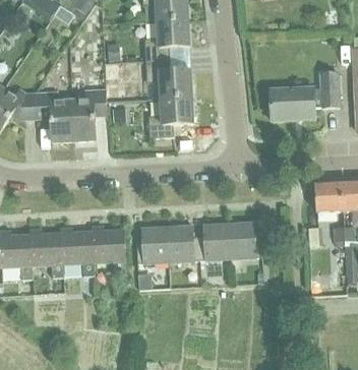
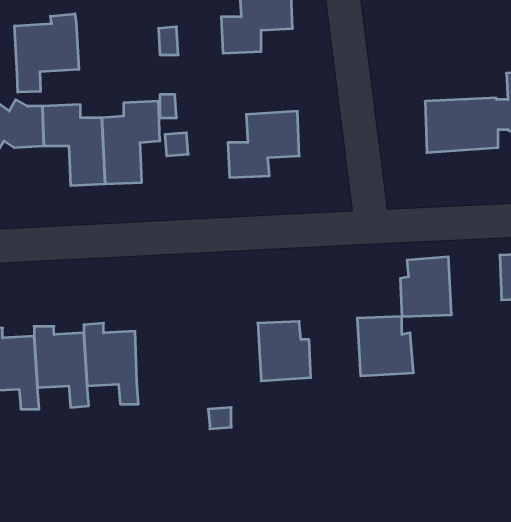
building: none -> [15,14,79,92]
building: [145,59,191,98] -> none
building: [198,223,230,259] -> [400,257,452,316]
building: [92,225,125,274] -> none
building: [135,226,169,263] -> none

